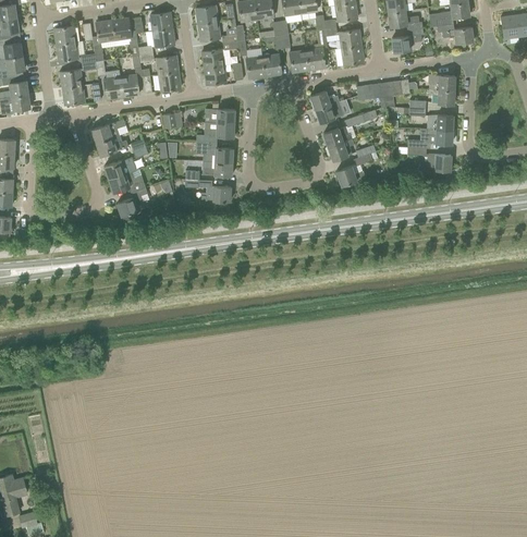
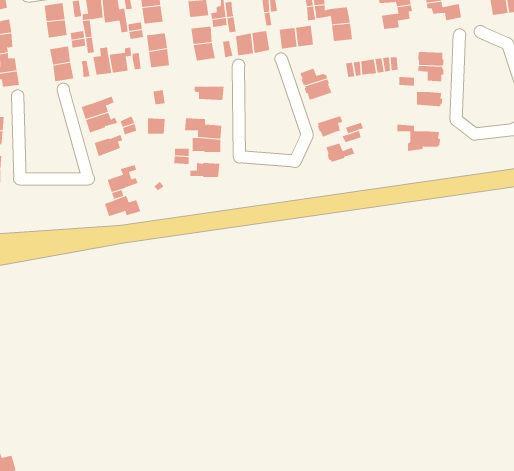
building: [323,109,378,146] -> none
building: [196,122,234,142] -> none
building: [407,127,453,148] -> none
building: [109,171,146,193] -> [104,195,141,217]

